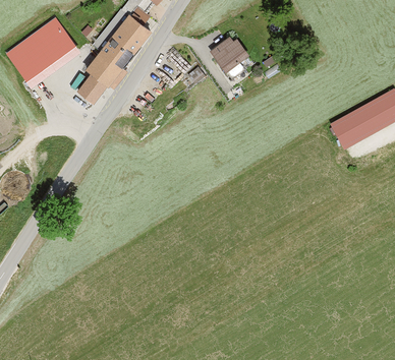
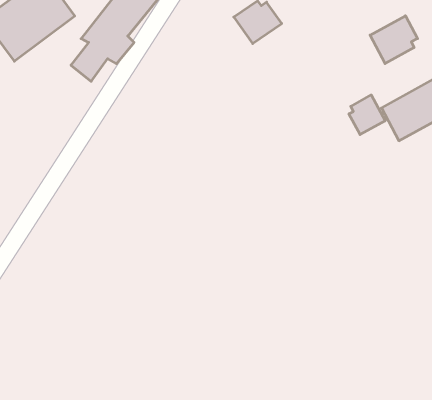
building: none -> [370,16,418,64]
building: none -> [349,95,385,135]

